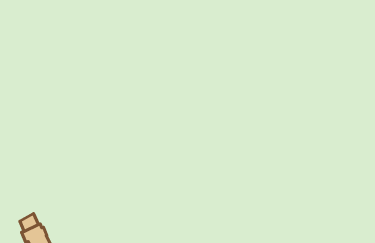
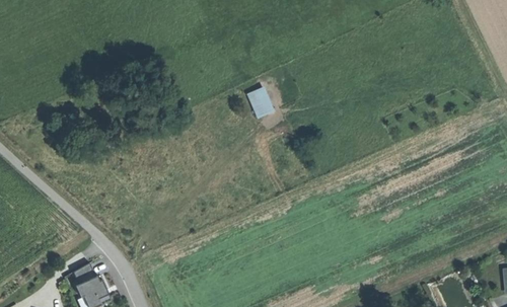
building: none -> [246,86,274,117]

